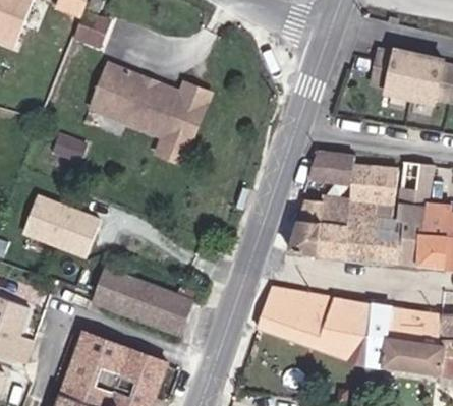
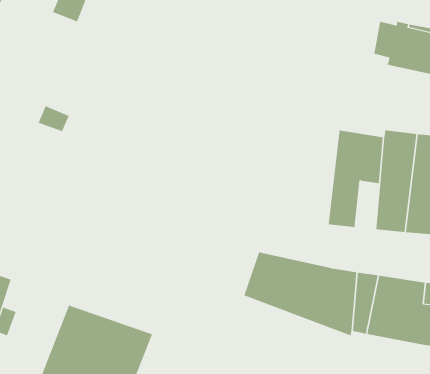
building: [89,67,210,167] -> none
building: [285,149,355,255] -> none
building: [21,189,103,256] -> none
building: [93,273,190,339] -> none

